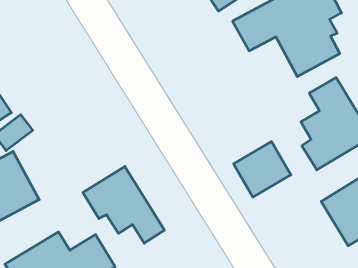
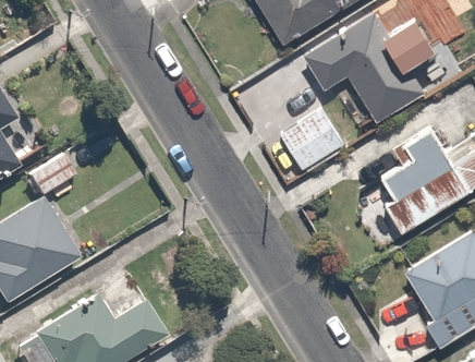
building: [234,142,291,197] -> [279,102,346,168]
building: [83,166,164,243] -> none

